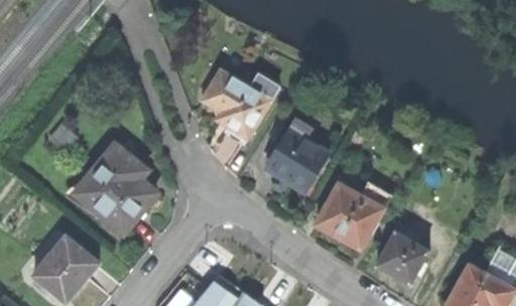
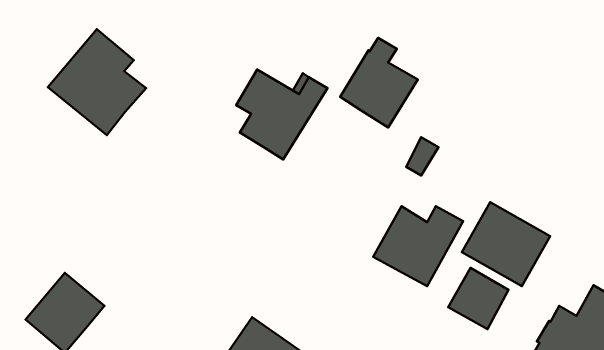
building: [264,119,328,192] -> [340,38,418,128]
building: [74,145,154,232] -> [48,29,146,135]
building: none -> [462,202,550,286]

